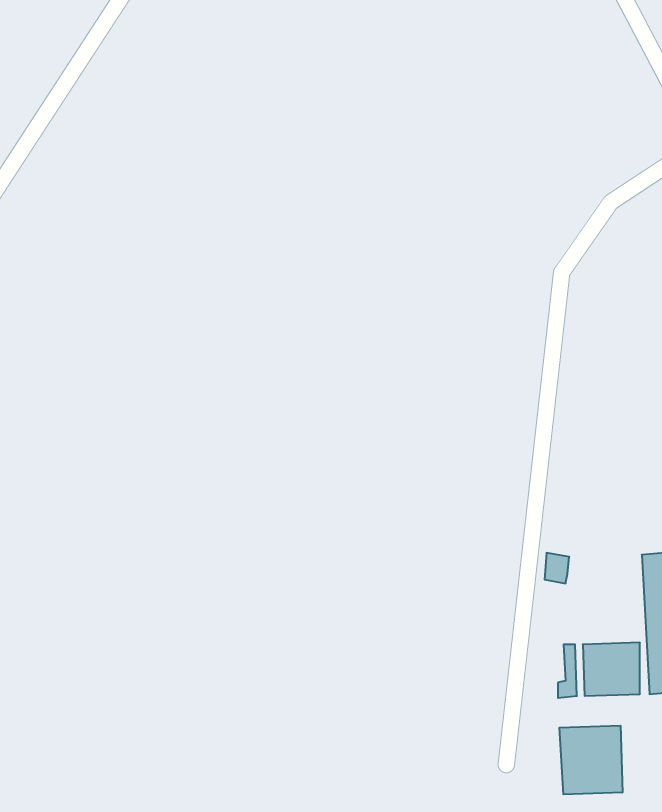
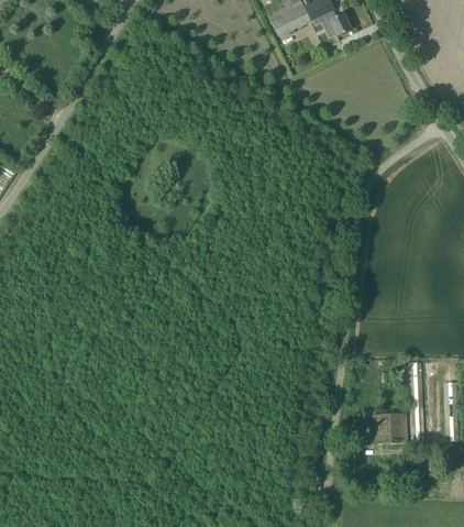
building: [559,726,622,794] -> none

